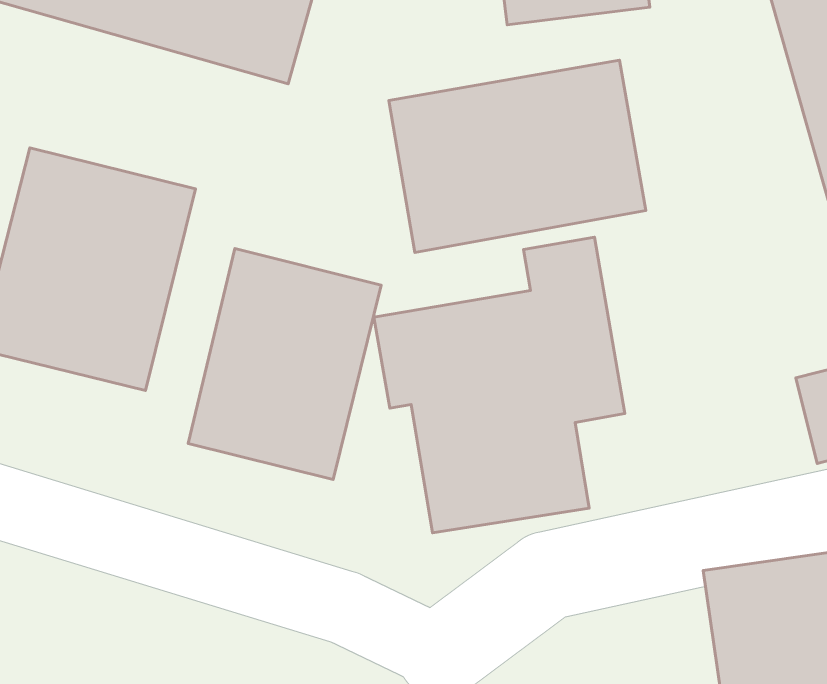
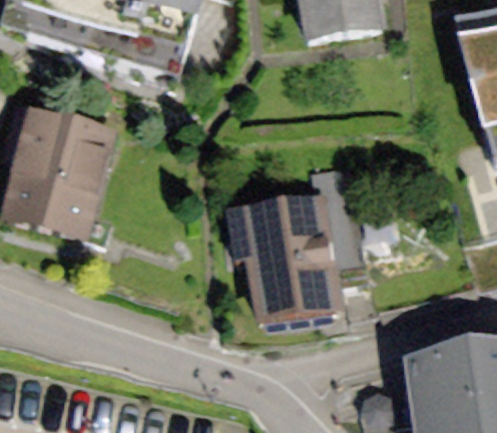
building: [389,60,646,252] -> none
building: [188,248,381,480] -> none

